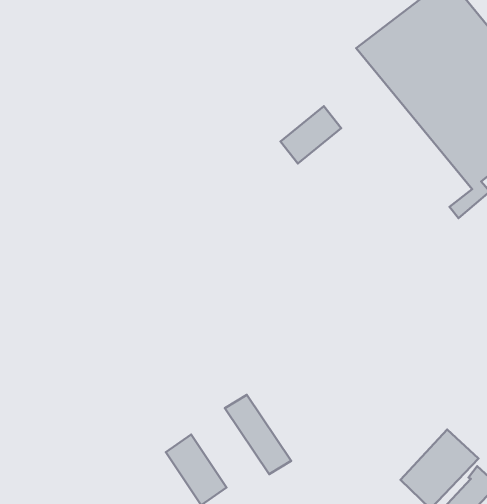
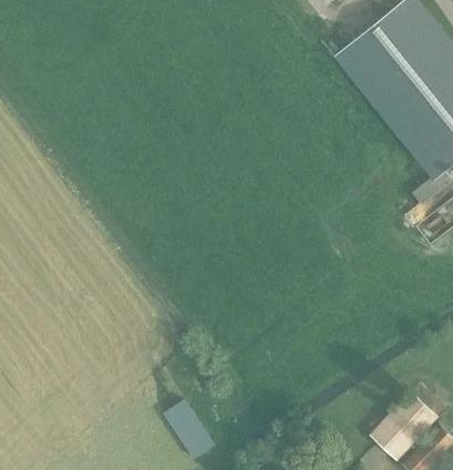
building: [281,106,341,163] -> none
building: [225,395,291,474] -> none

